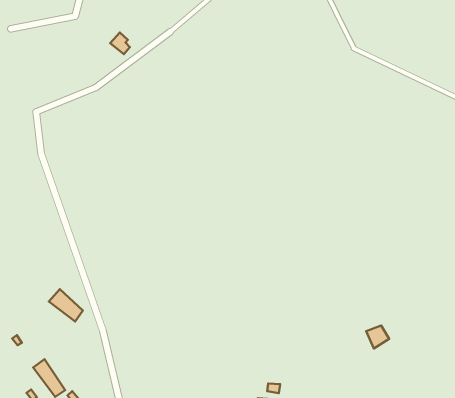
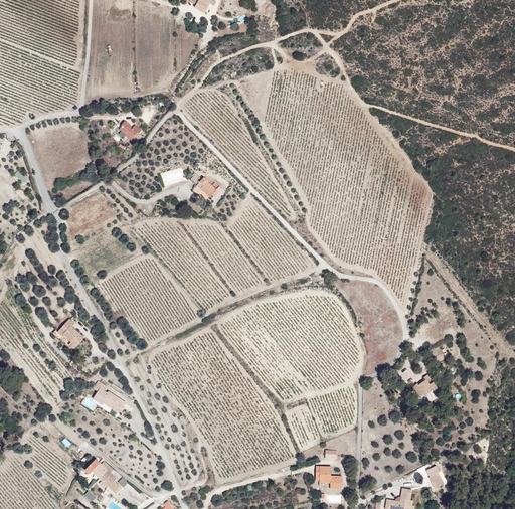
building: none -> [193,176,222,202]
building: none -> [58,320,85,350]

